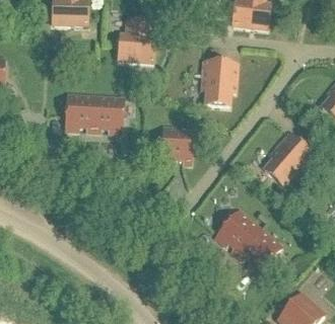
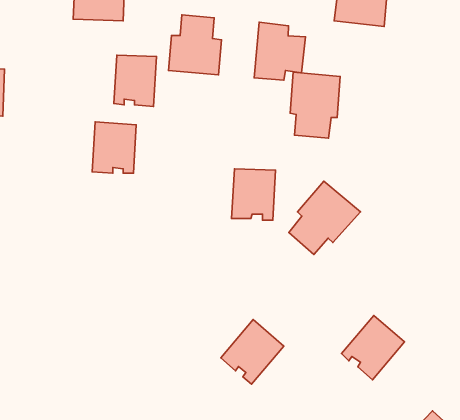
building: none -> [254,22,305,80]
building: [94,95,124,131] -> [114,55,156,106]
building: [265,133,315,183] -> [289,181,361,254]
building: [217,209,261,253] -> [221,320,284,384]

